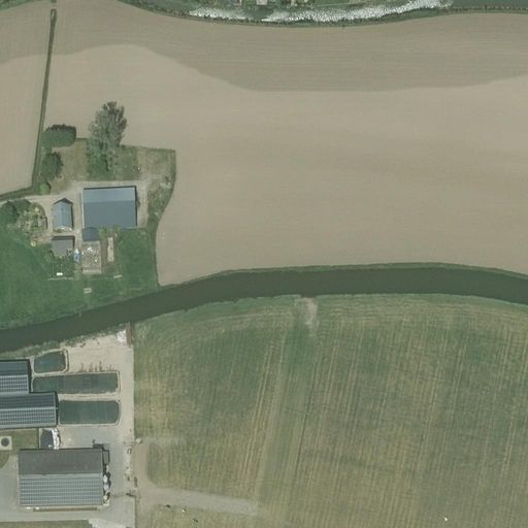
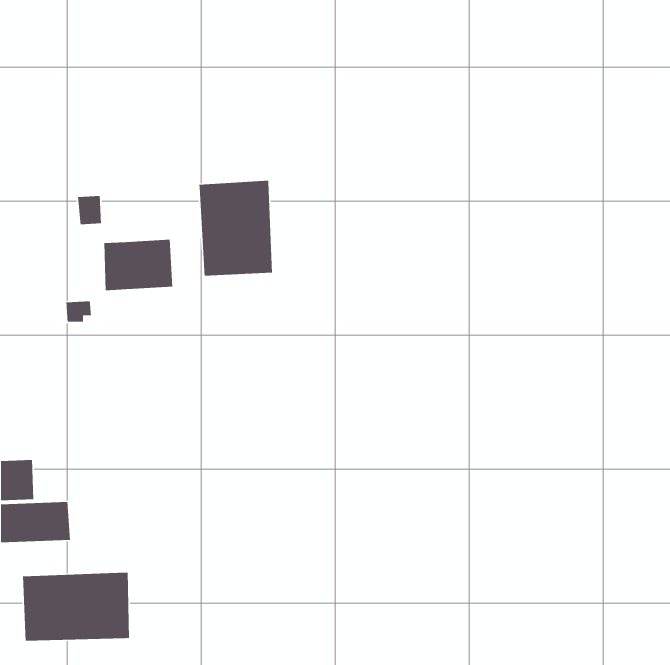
building: none -> [199,180,273,276]
building: [52,204,71,228] -> [77,195,102,225]

